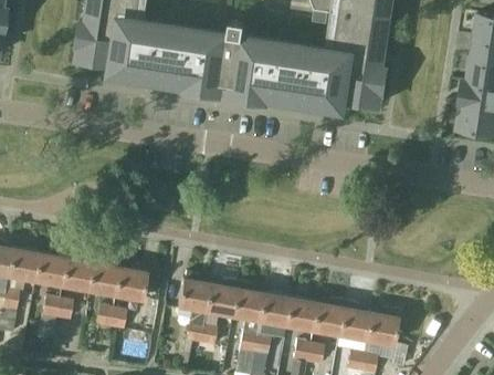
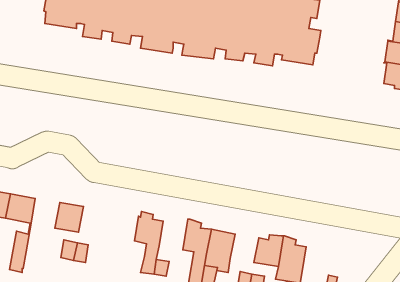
building: [56,259,94,321] -> none
building: [115,268,148,301] -> none
building: [206,281,238,316] -> none
building: [285,299,317,331] -> none
building: [366,310,398,345] -> none

